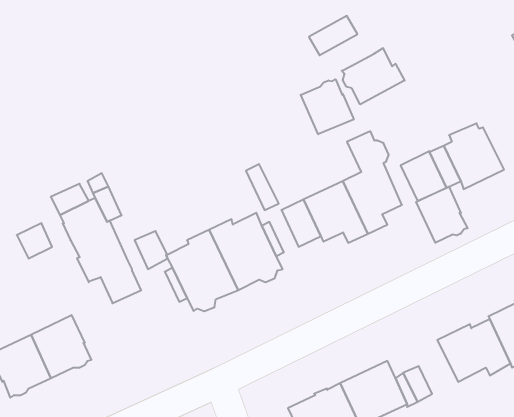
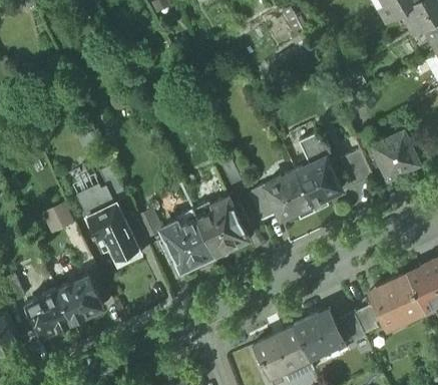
building: [342,48,405,104] -> none
building: [301,79,354,134] -> none
building: [416,187,468,243] -> none
building: none -> [354,306,382,335]

